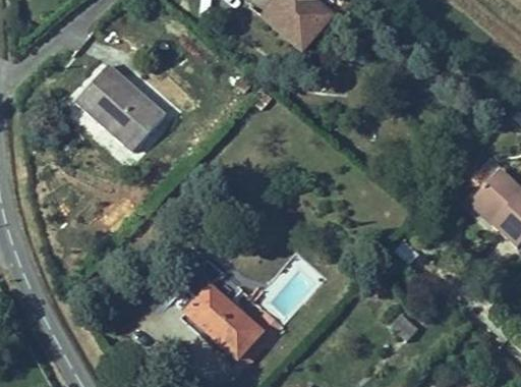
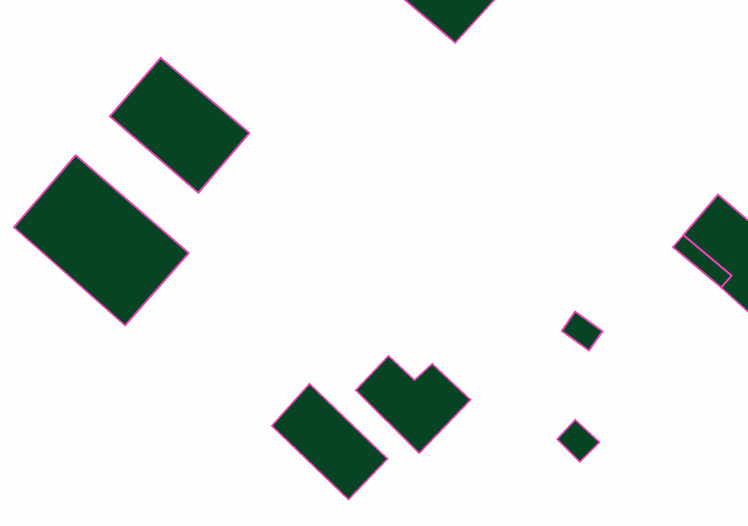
building: none -> [14,155,189,325]
building: none -> [356,356,471,453]

